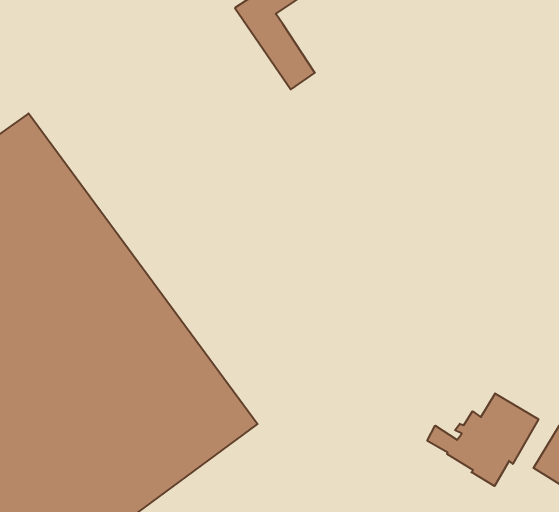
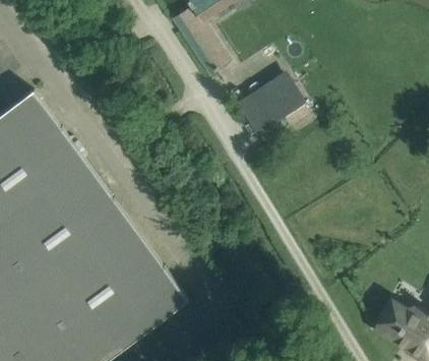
building: none -> [240,73,308,137]
building: [427,393,538,486] -> none

